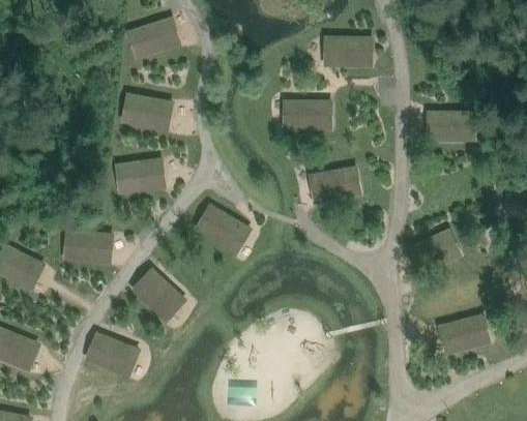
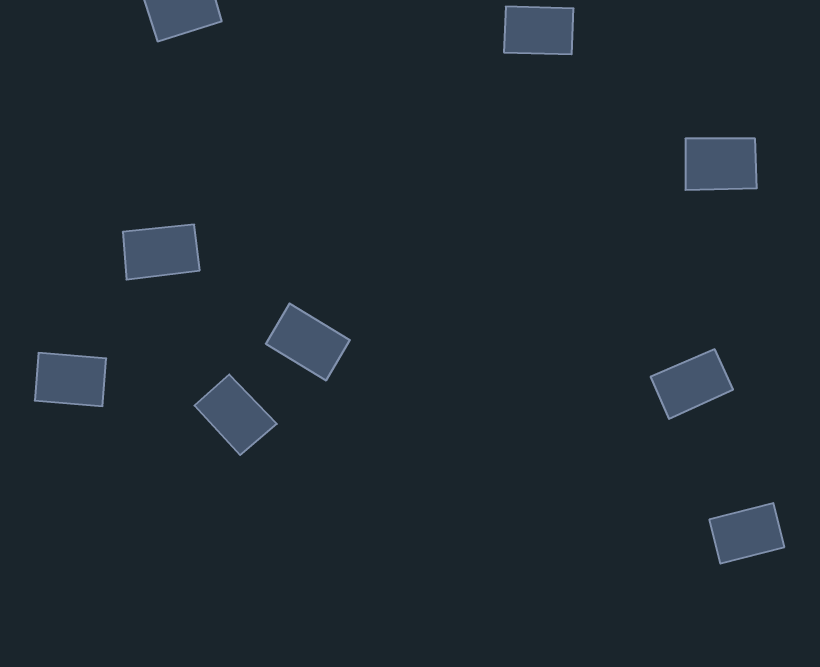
building: [123,94,167,128] -> none
building: [291,102,331,129] -> none
building: [318,166,359,200] -> none
building: [135,270,181,315] -> [194,374,277,455]
building: [88,333,134,371] -> none

